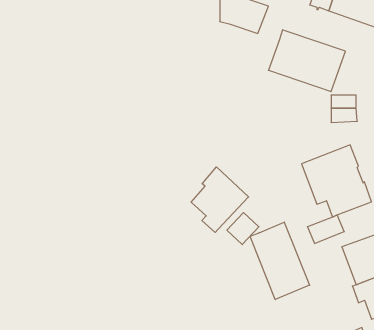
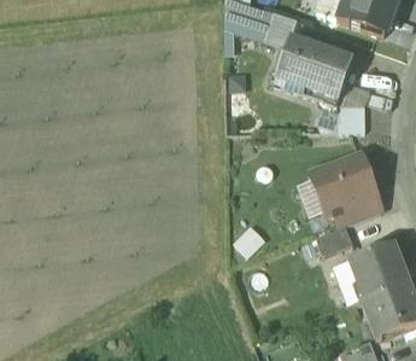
building: none -> [265,12,300,47]
building: [191,167,249,232] -> none
building: [250,222,310,300] -> none

